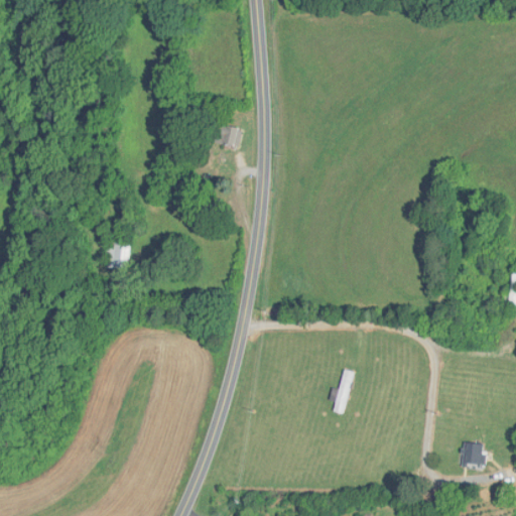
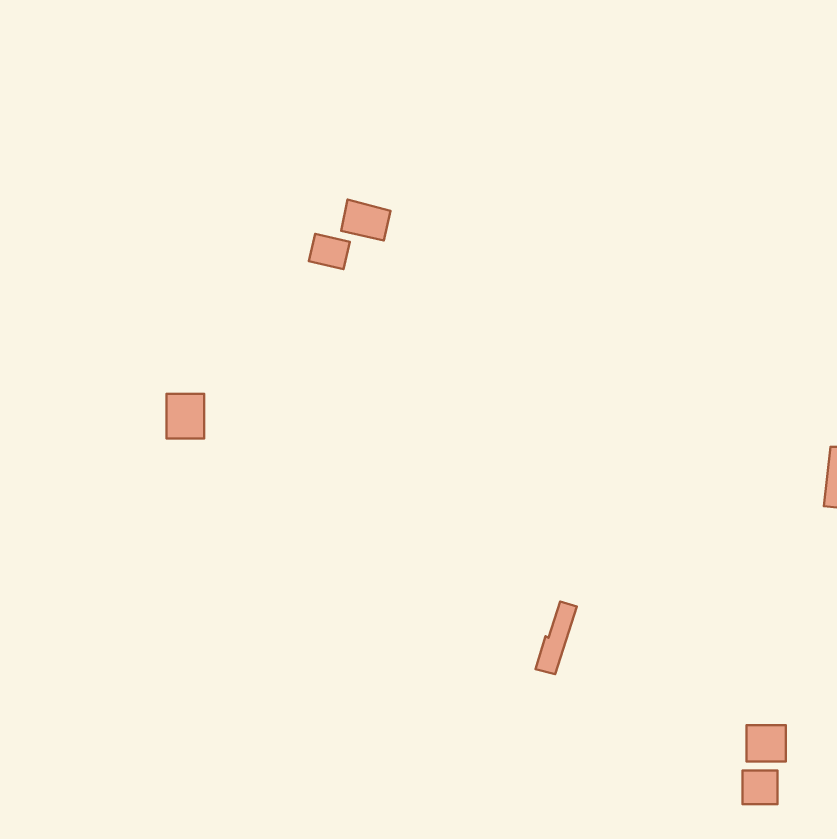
building: none -> [309,234,350,269]
building: none -> [742,770,777,804]

